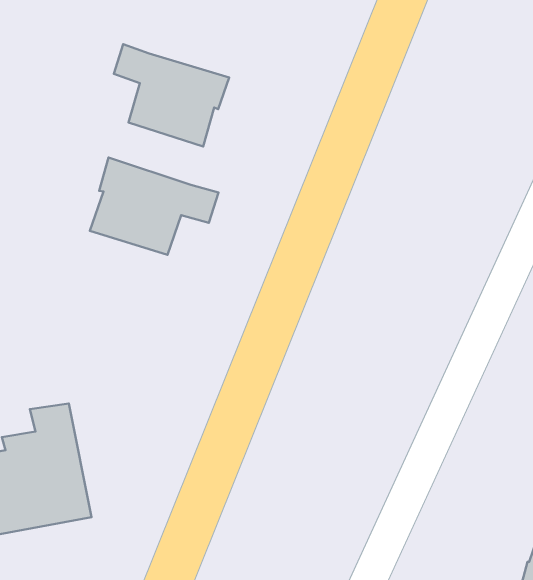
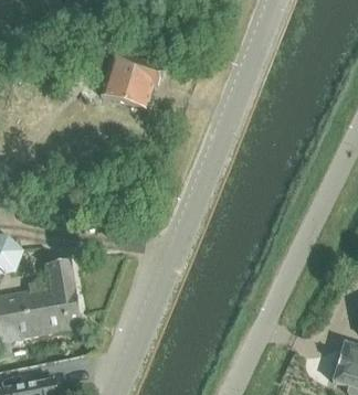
building: [90,158,219,255] -> none

